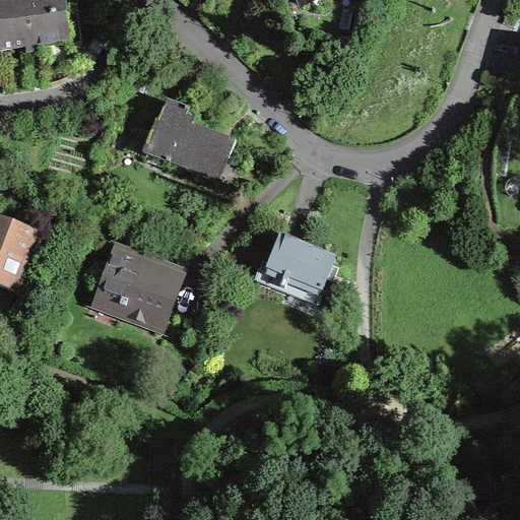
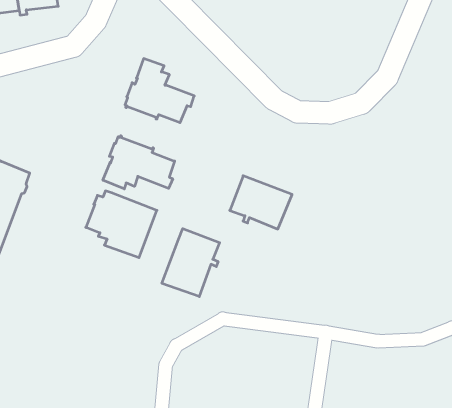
building: none -> [103,136,175,189]
building: none -> [162,229,220,297]

